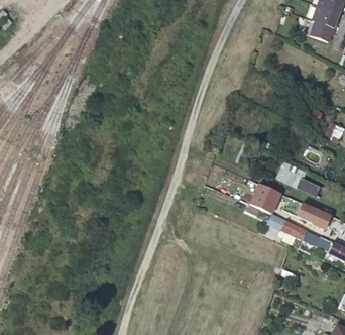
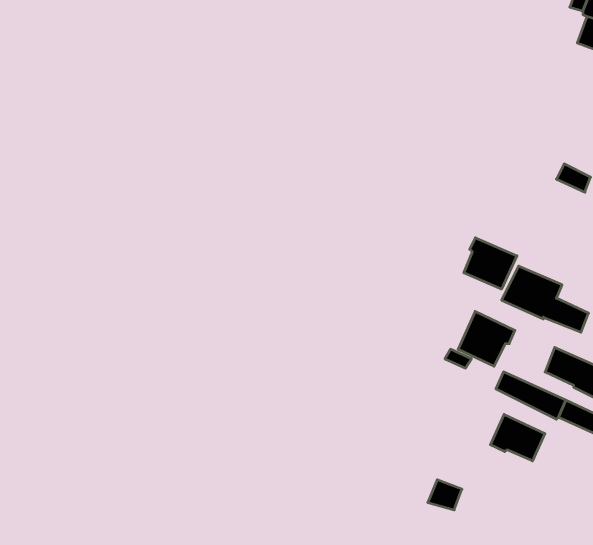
building: none -> [464,238,517,289]
building: none -> [490,414,545,461]

